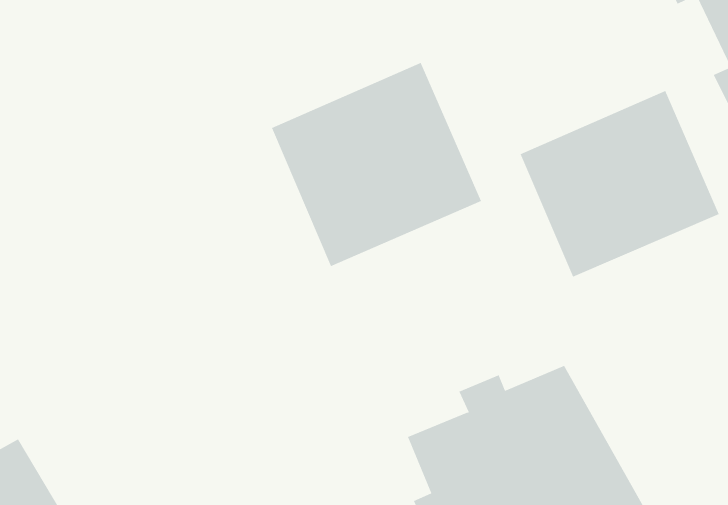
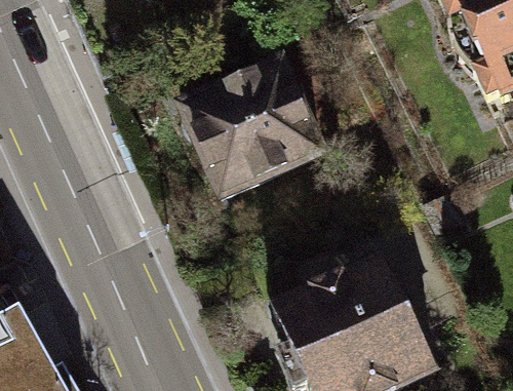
building: [520,90,719,277] -> none

